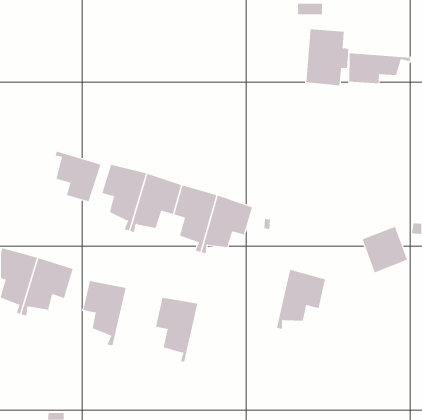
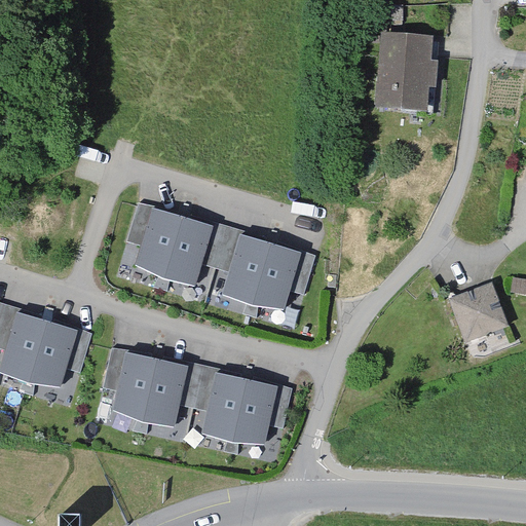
building: [349,53,411,84] -> none
building: [55,151,101,202] -> none
building: [276,269,326,330] -> [230,378,292,453]
building: none -> [141,359,201,433]

